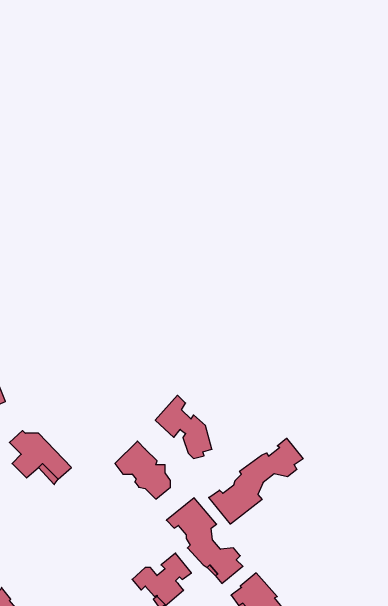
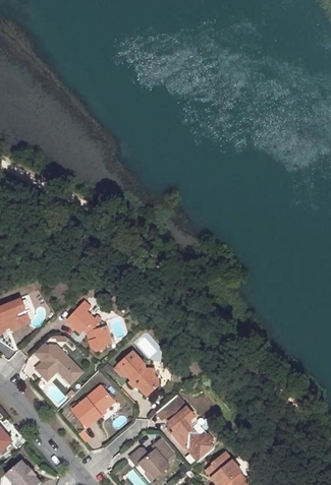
building: [155,395,212,458] -> [67,301,111,350]
building: [209,438,303,524] -> none
building: none -> [72,386,113,426]

